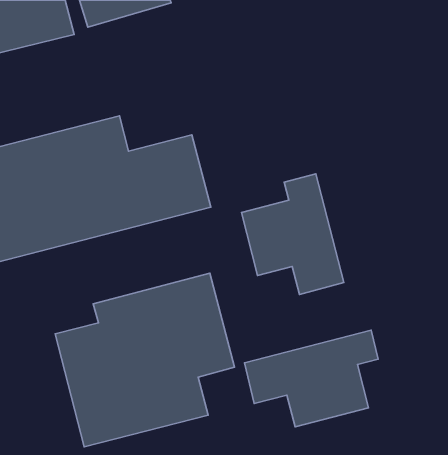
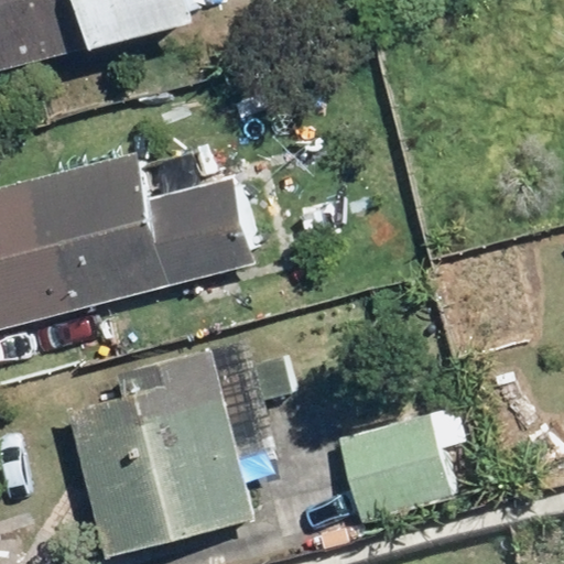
building: [241,174,344,294] -> none

